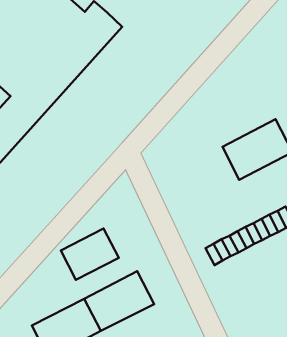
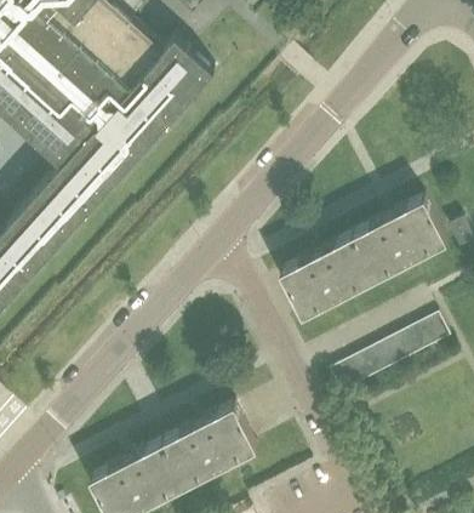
building: none -> [278,236,372,318]
building: [61,228,119,280] -> none

